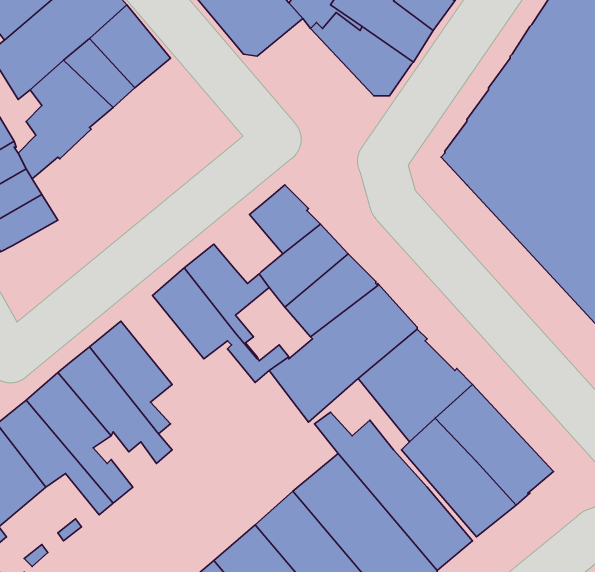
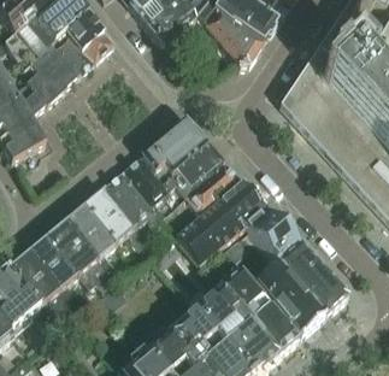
building: none -> [142,136,184,171]
building: none -> [86,186,154,251]

